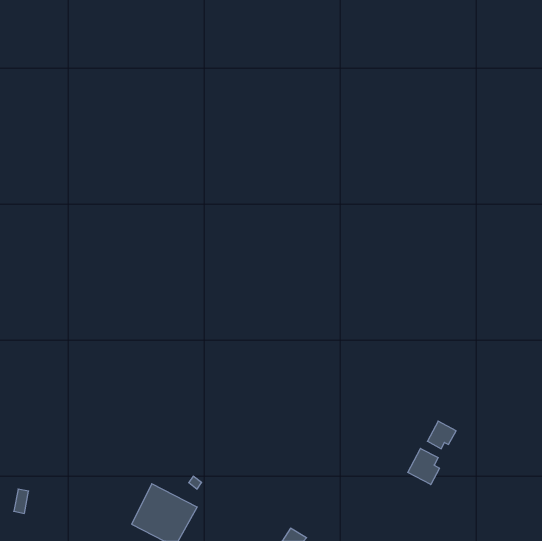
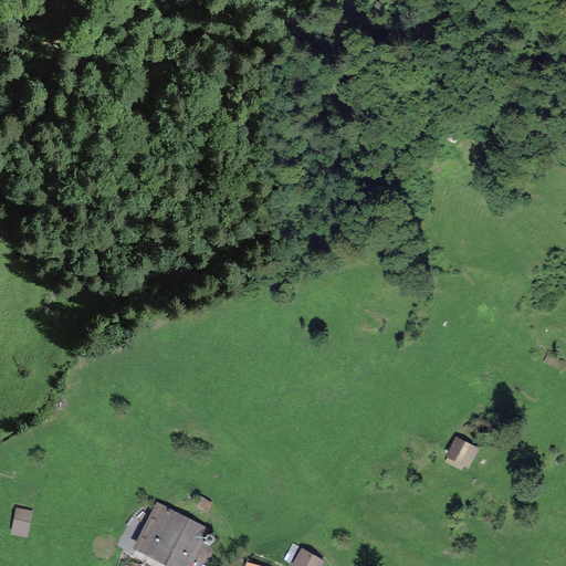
building: [408,448,439,485] -> none

